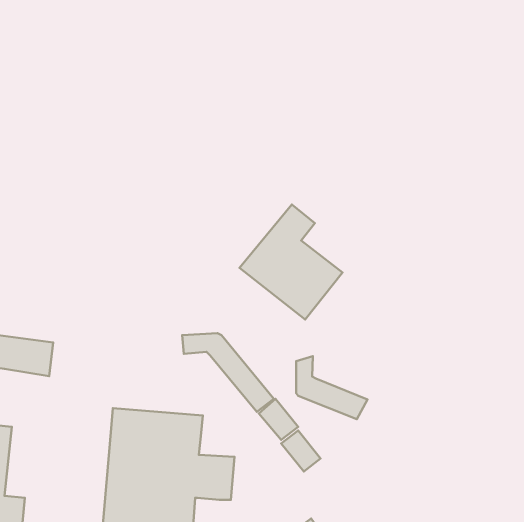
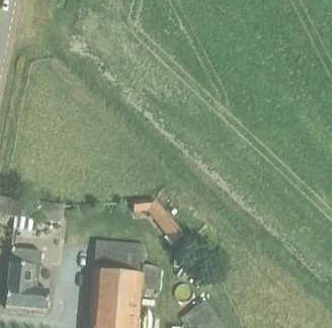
building: [240,205,343,320] -> none
building: [296,356,368,419] -> none

